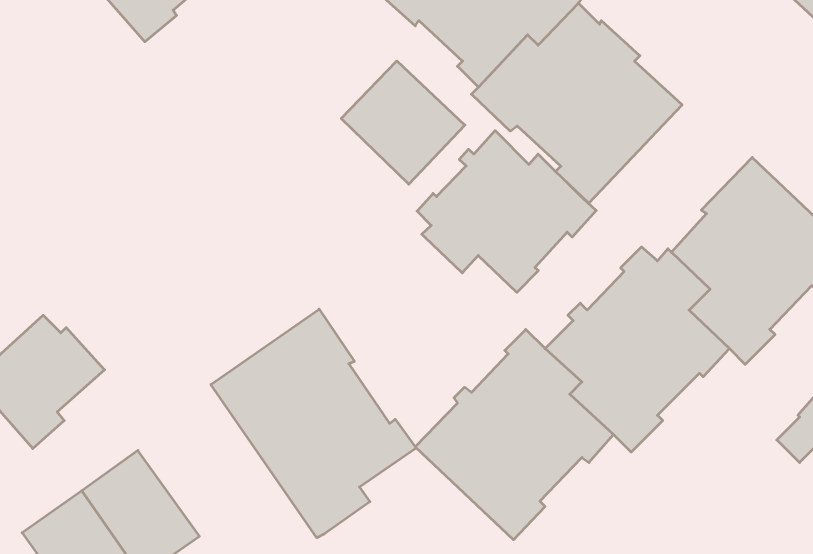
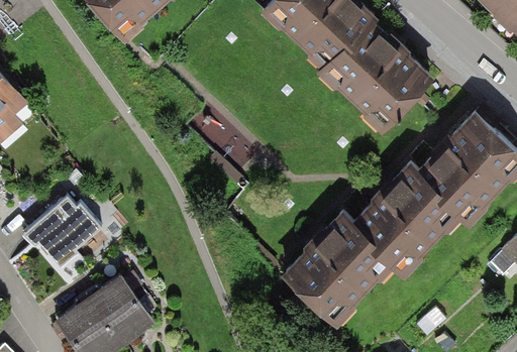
building: [341,61,465,184] -> none
building: [417,131,596,292] -> none
building: [211,309,416,538] -> none

